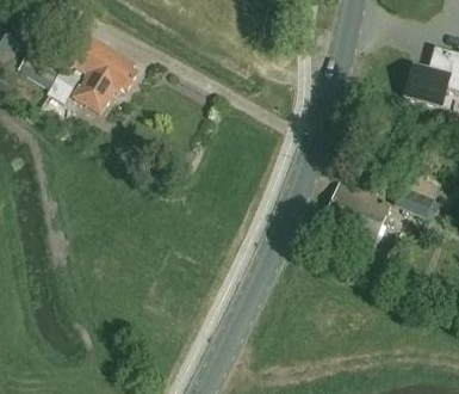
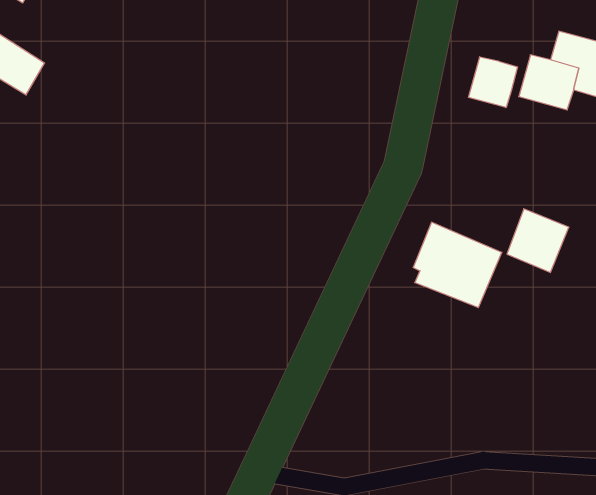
building: [70,38,135,117] -> none
building: none -> [469,57,517,108]

